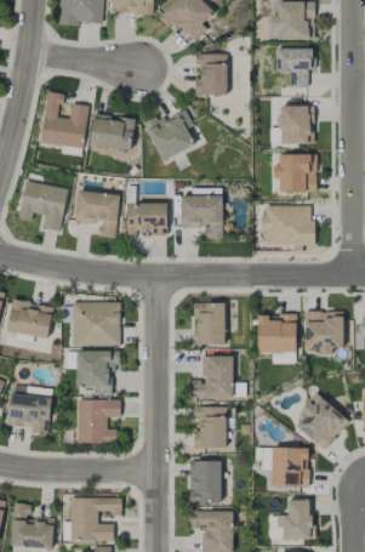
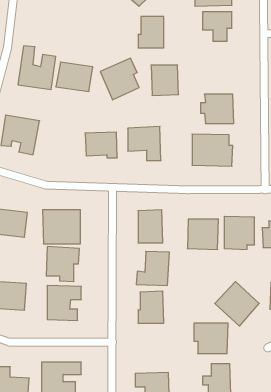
building: [279,106,314,144] -> [151,65,179,95]
building: [74,192,119,238] -> none
building: [189,461,222,503] -> none

